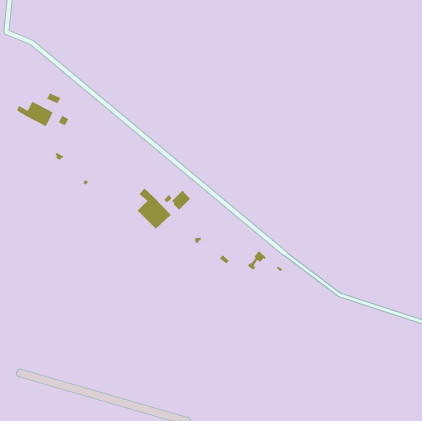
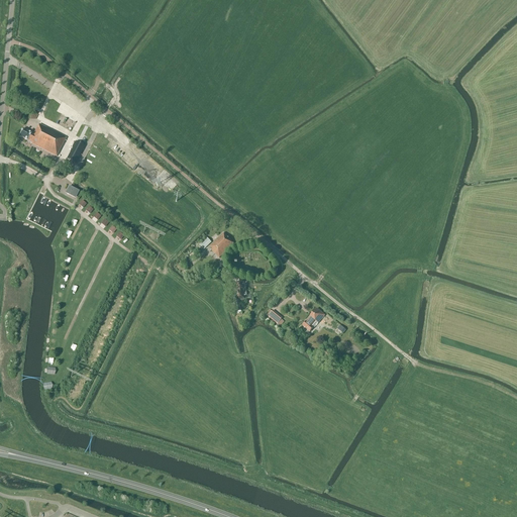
building: [137,188,171,229] -> none

